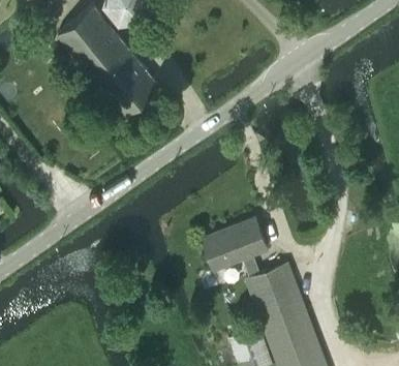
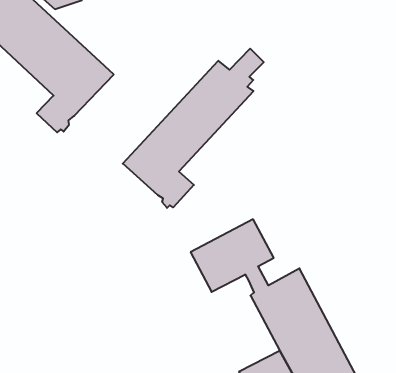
building: none -> [123,49,264,208]

